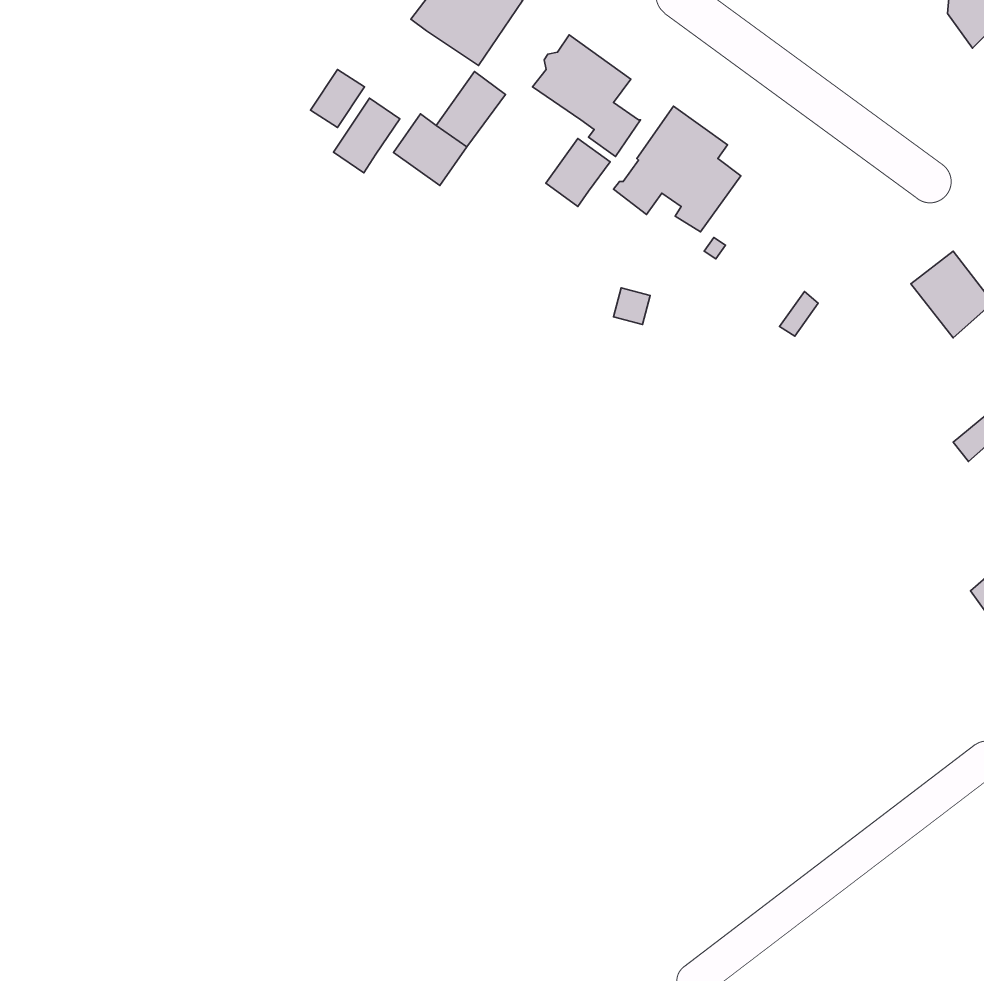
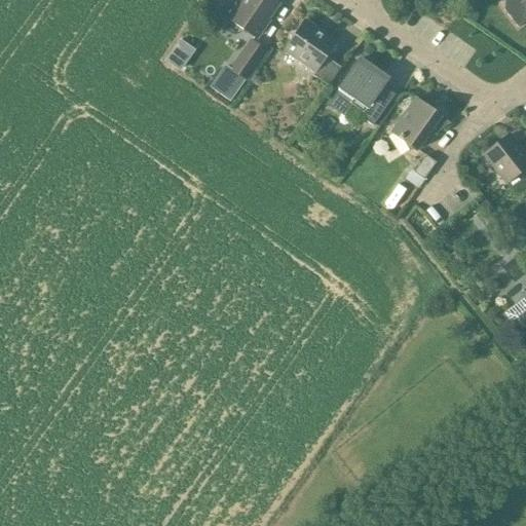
building: [334,98,400,173] -> none
building: [546,138,610,207] -> none
building: none -> [393,101,445,148]

